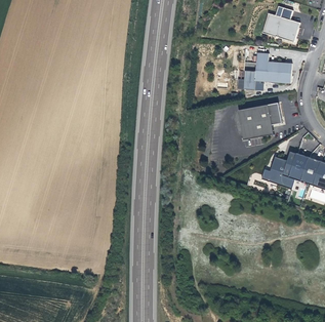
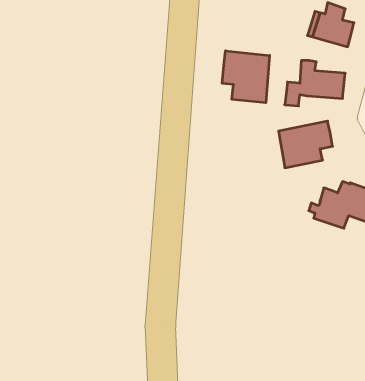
building: none -> [222,51,270,103]

